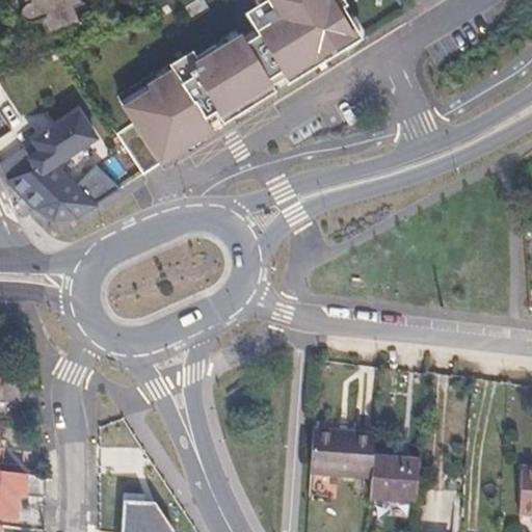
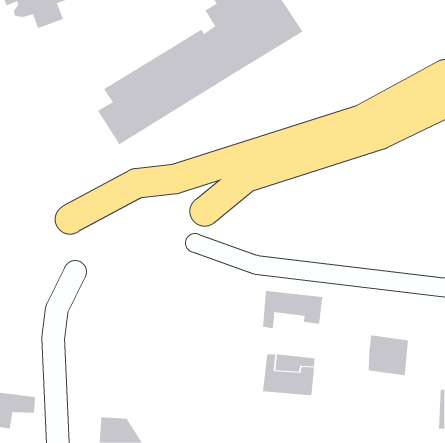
building: [7,109,114,220] -> none
building: none -> [262,290,323,329]
building: [370,450,419,499] -> [368,335,409,376]

